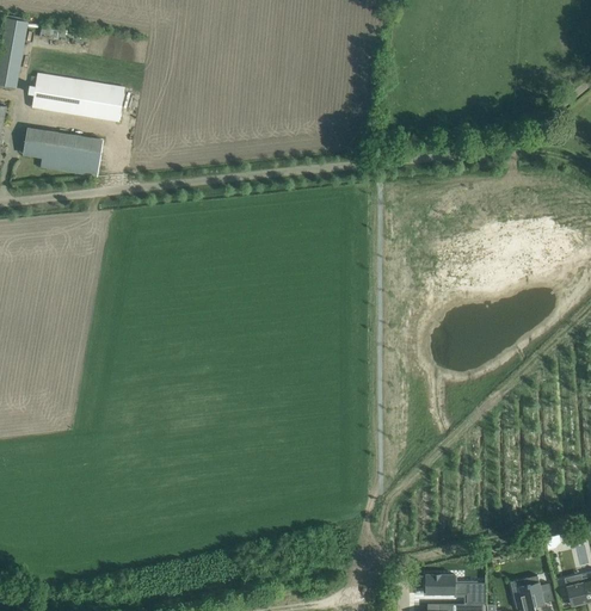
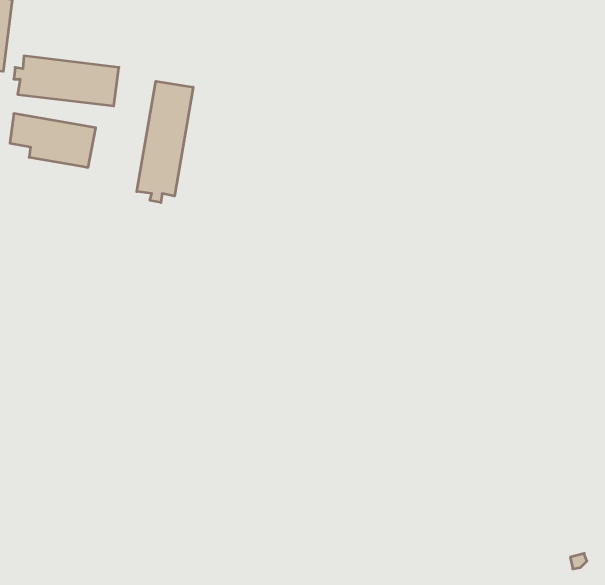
building: none -> [137,81,193,203]

